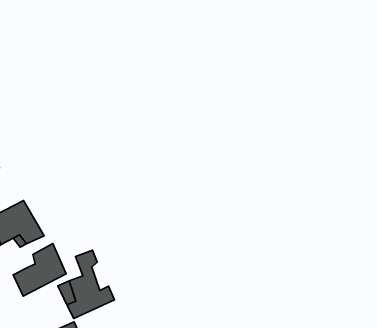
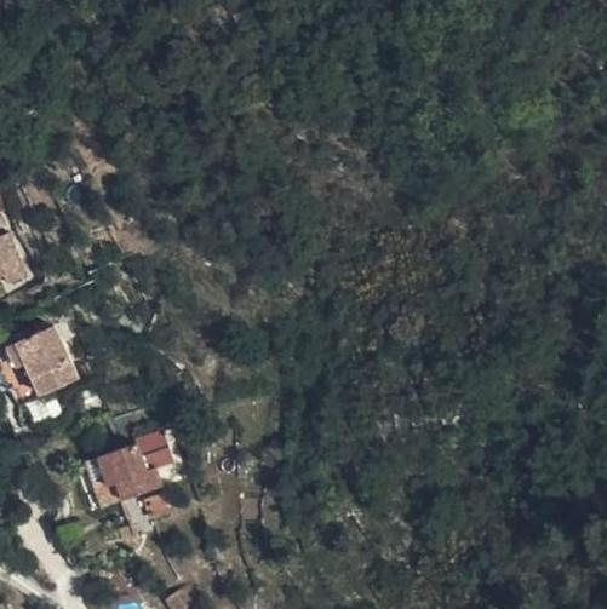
building: [13,243,66,296] -> none

